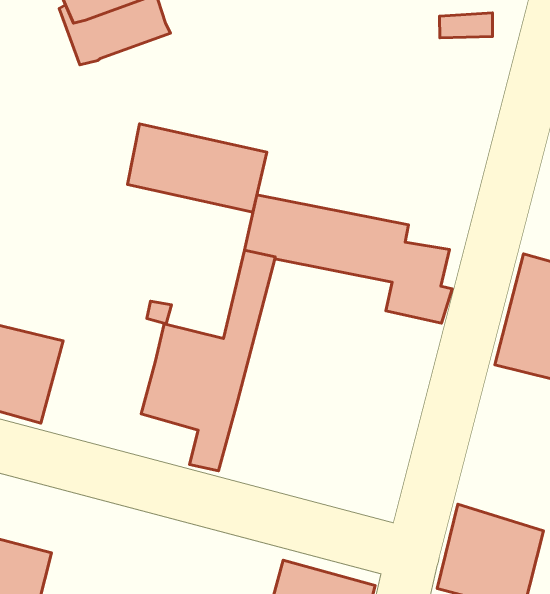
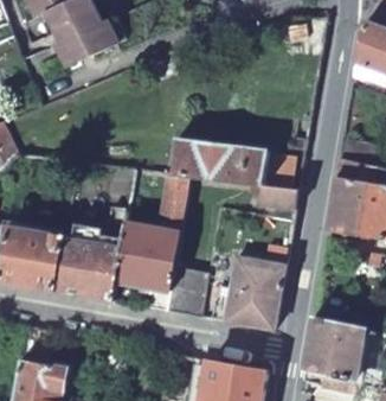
building: [127,124,267,212] -> none
building: none -> [56,236,122,298]
building: none -> [225,254,284,327]
building: none -> [166,263,208,314]

